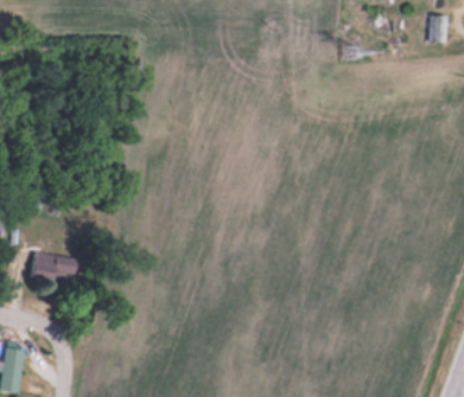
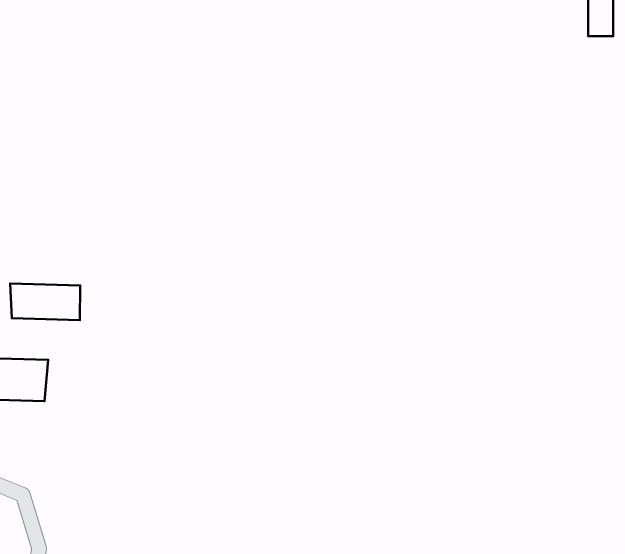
building: none -> [10,283,80,320]

